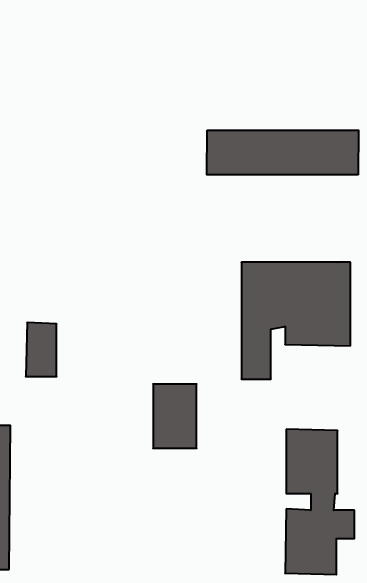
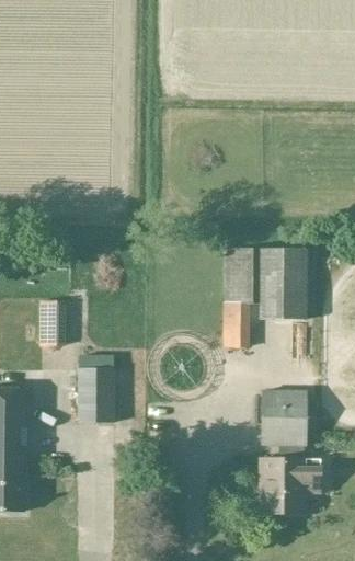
building: [207,130,359,175] -> none
building: [153,384,197,448] -> [77,367,114,422]

